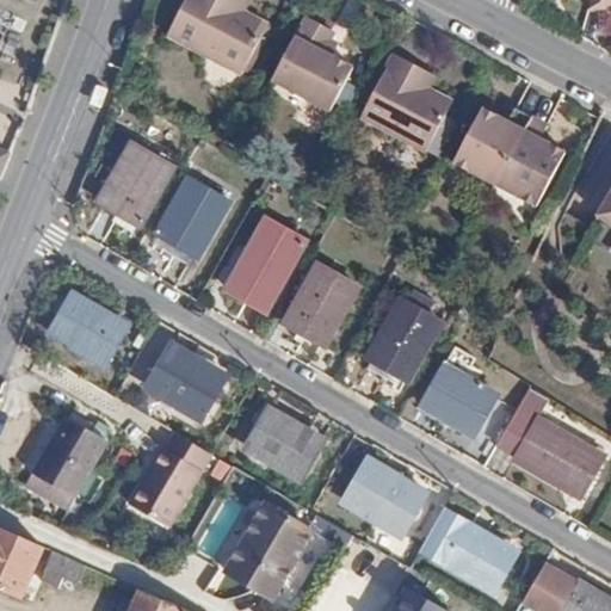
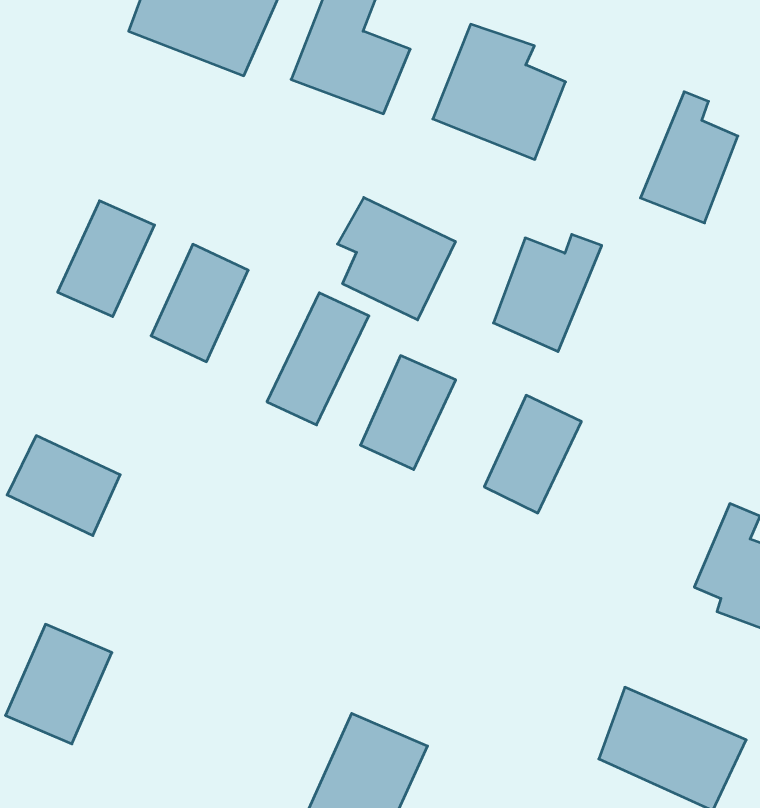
building: [451,105,529,183] -> [493,234,602,352]
building: none -> [337,197,455,320]
building: [143,344,228,426] -> none
building: [418,360,499,437] -> none
building: [239,405,326,486] -> none
building: [131,444,216,539] -> none
building: [338,457,428,542] -> none

